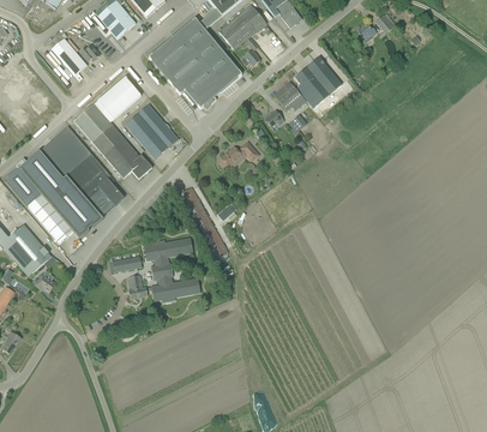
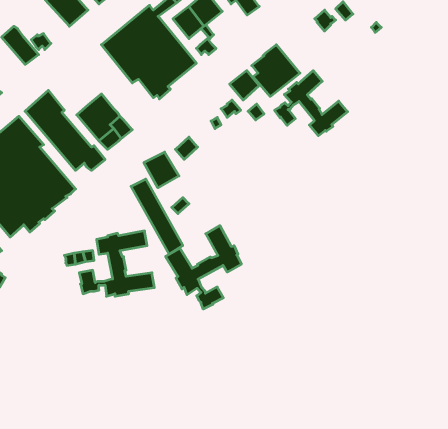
building: [97,76,142,119] -> none
building: none -> [275,71,348,136]
building: none -> [144,152,179,188]
building: none -> [166,226,241,309]

